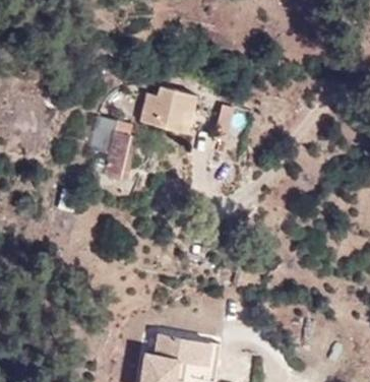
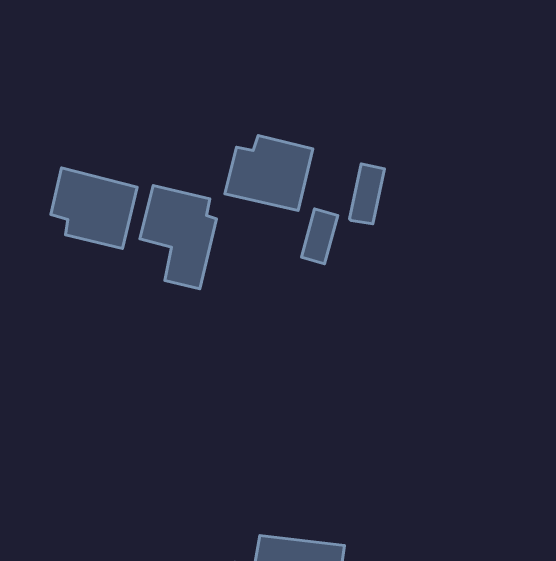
building: none -> [51,168,137,249]

